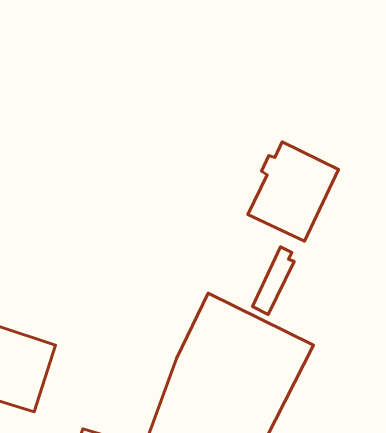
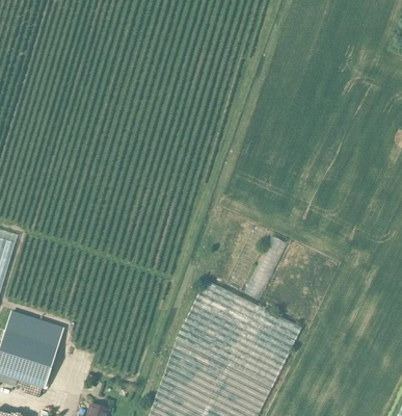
building: [248,142,338,241] -> none

